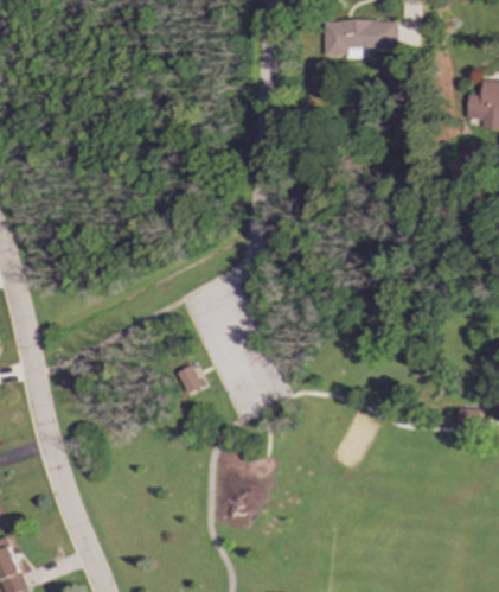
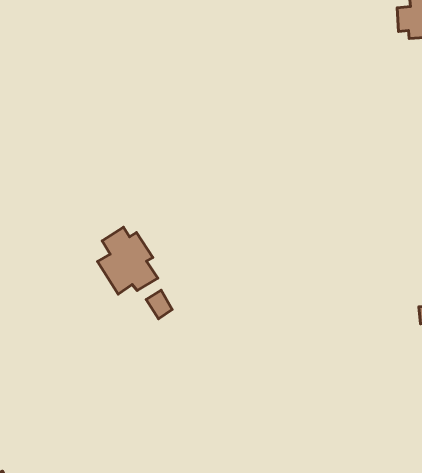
building: none -> [98,227,158,294]

